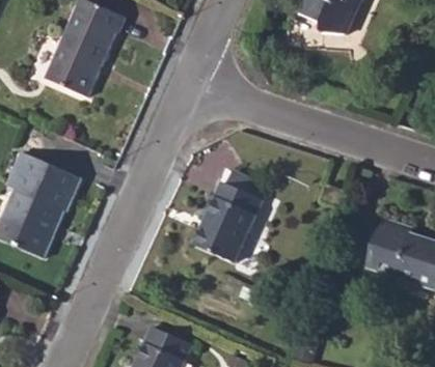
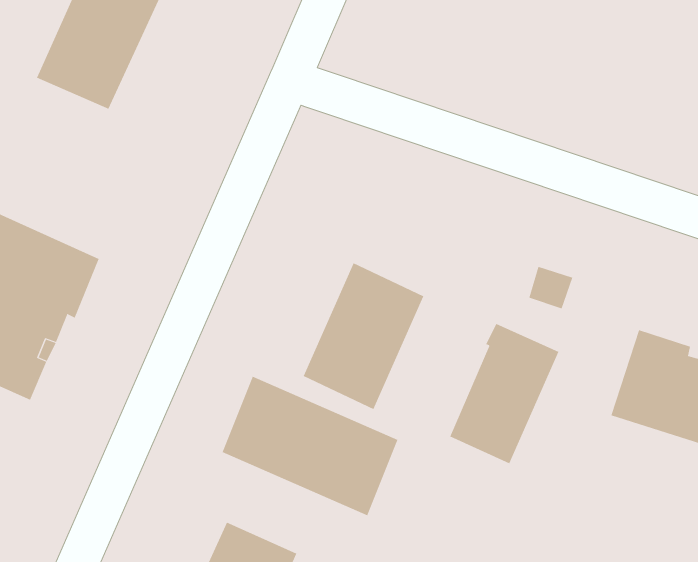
building: none -> [450,323,559,464]
building: none -> [222,376,398,516]

